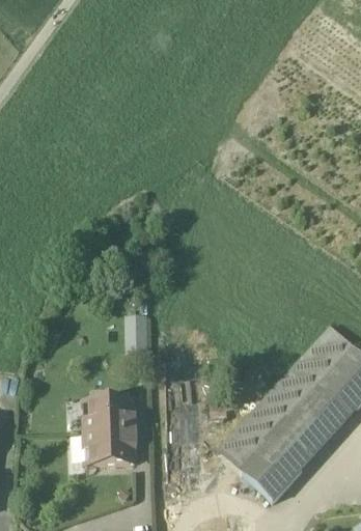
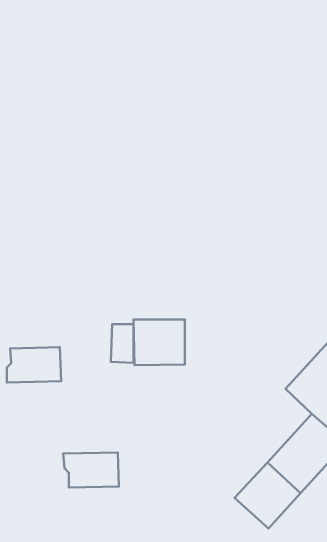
building: none -> [133,320,185,365]
building: [217,371,311,471] -> none
building: [84,398,134,430] -> [7,347,61,382]

